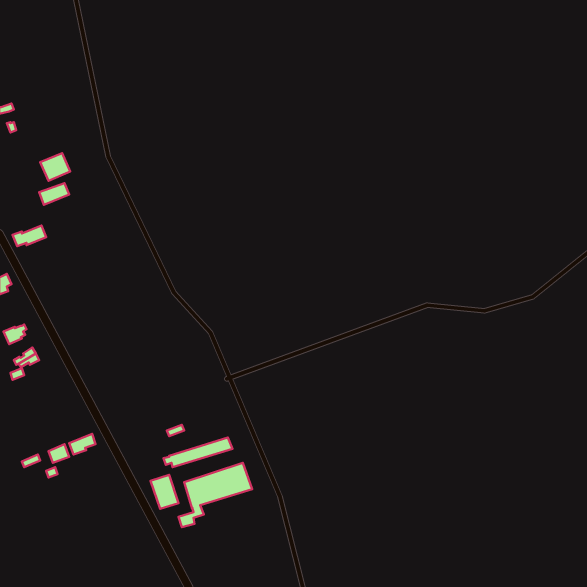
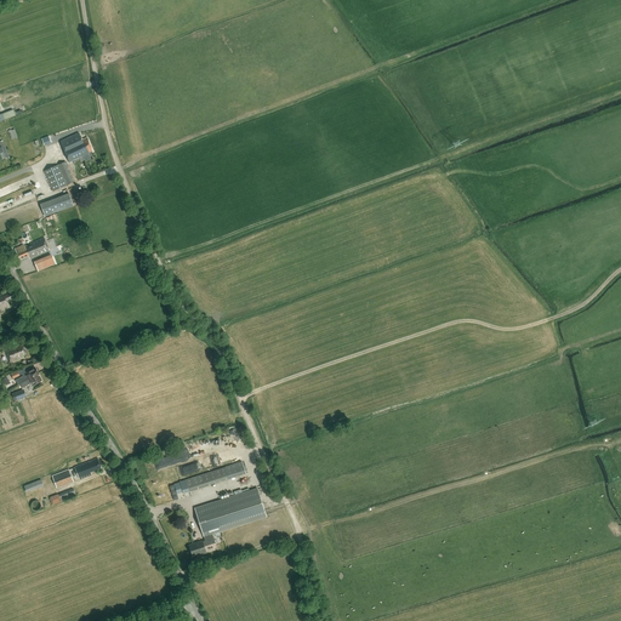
building: none -> [59,132,92,161]
building: [151,475,178,509] -> none

